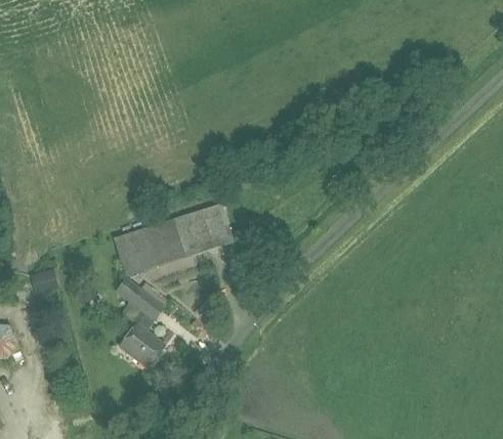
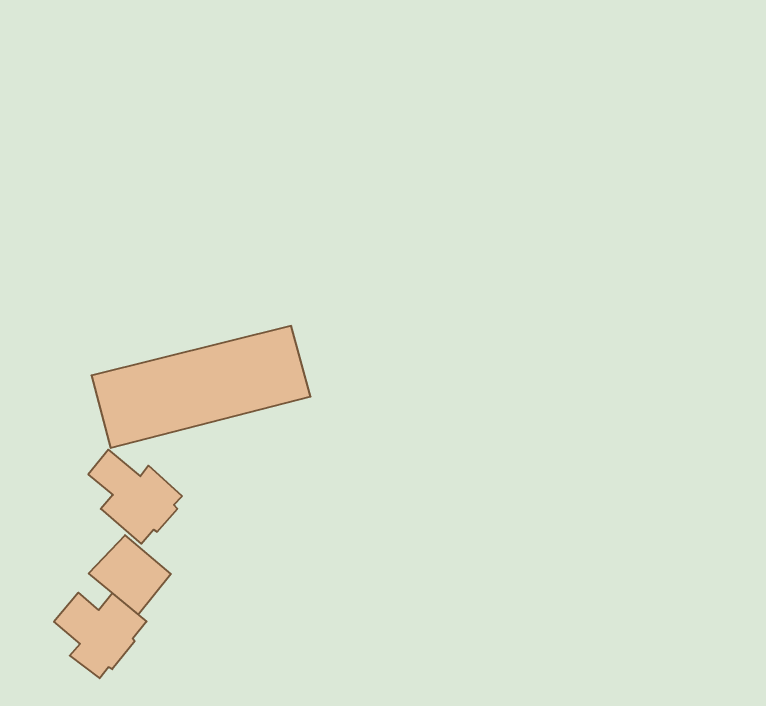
building: none -> [54,593,147,678]

